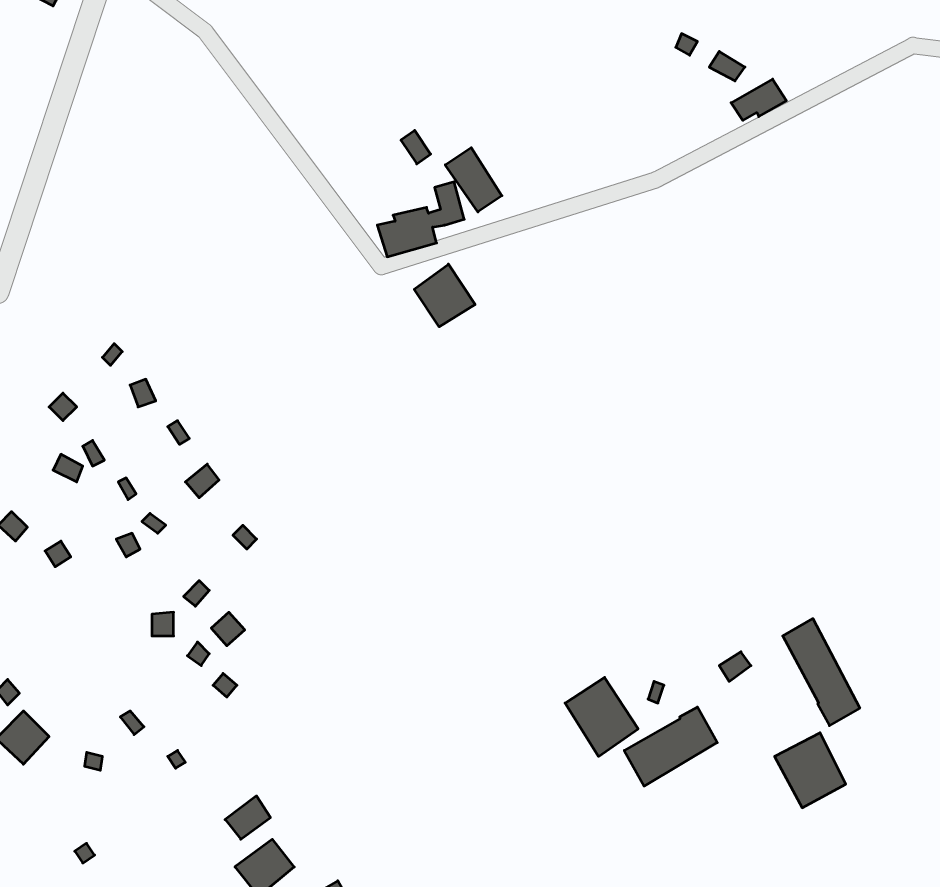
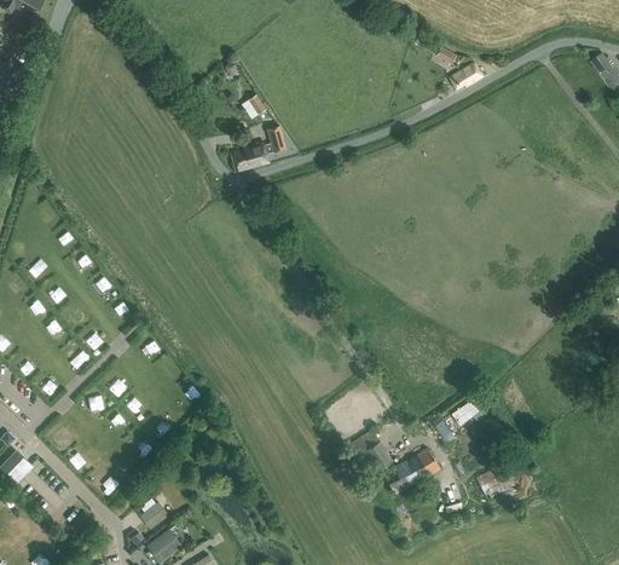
building: [445,148,502,212] -> none
building: [414,264,475,327] -> none
building: [783,619,860,726] -> none

